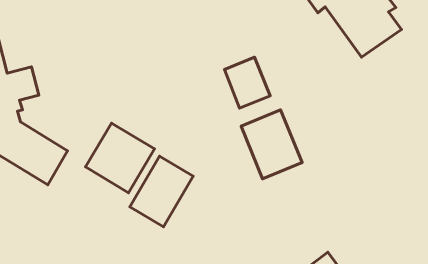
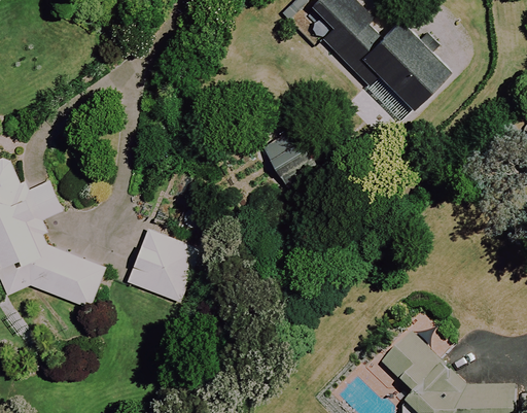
building: [241,110,302,179] -> none
building: [130,156,193,227] -> none

